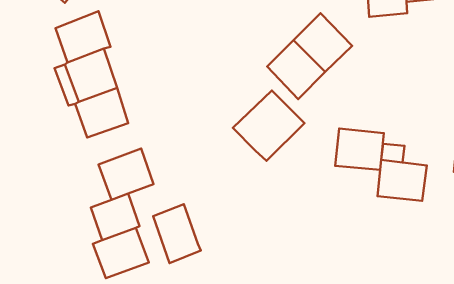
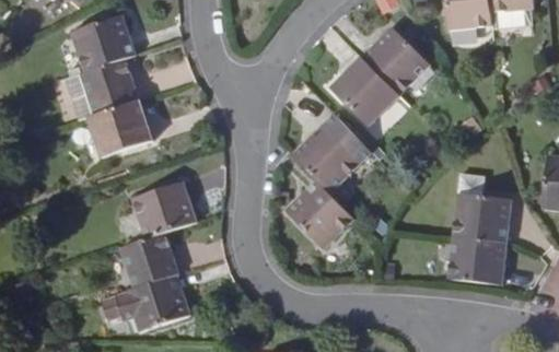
building: [335,129,384,170] -> [453,237,510,285]
building: none -> [283,184,352,251]
building: [153,204,201,263] -> none

